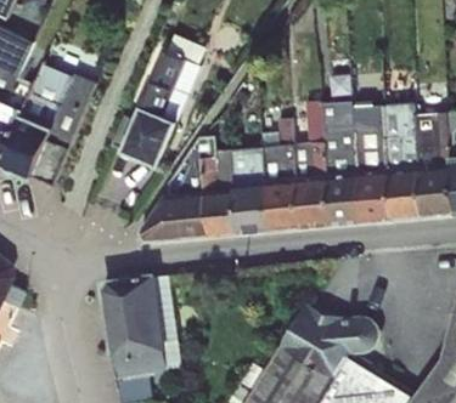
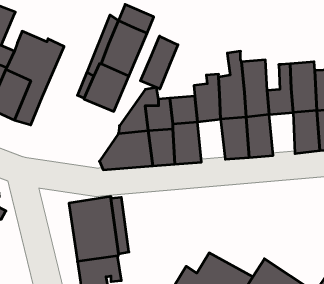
building: none -> [140,36,178,89]
building: [358,169,390,223] -> none
building: [266,177,302,232] -> none
building: [281,305,381,378] -> none

